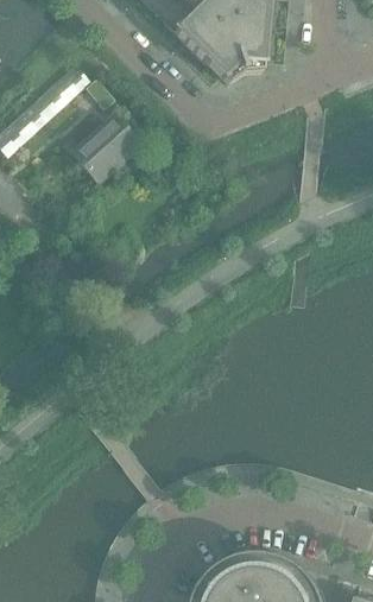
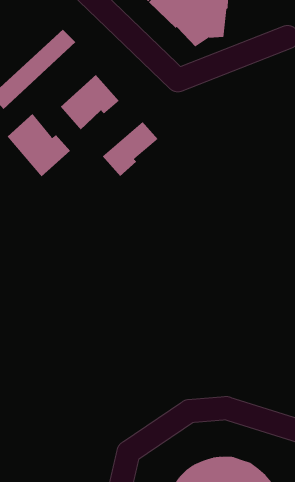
building: none -> [7,113,71,177]
building: none -> [102,121,159,177]

